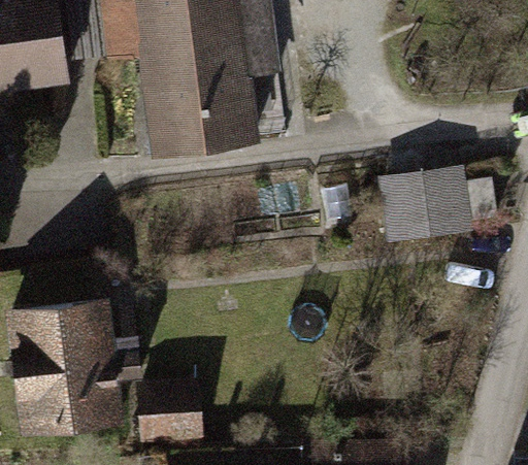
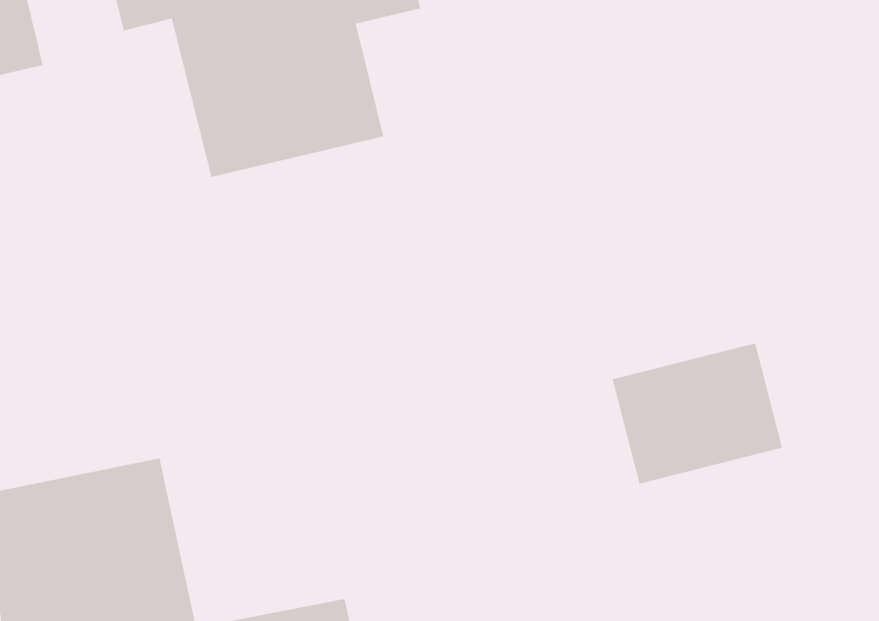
building: [386,175,475,246] -> [612,343,783,484]

